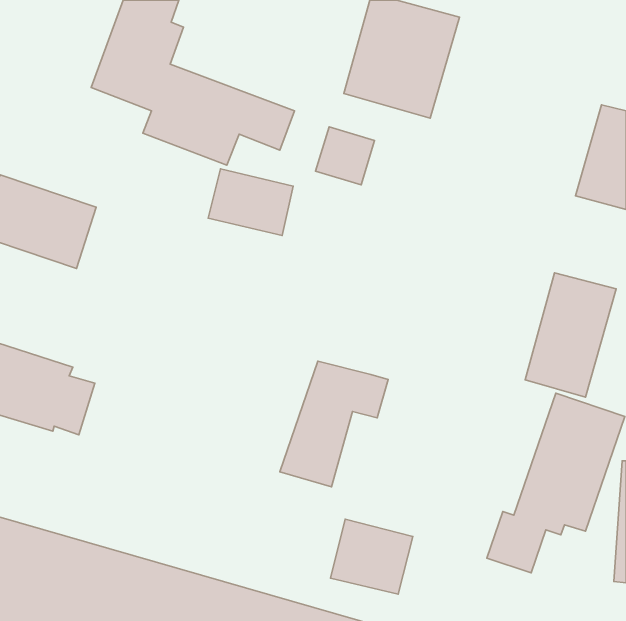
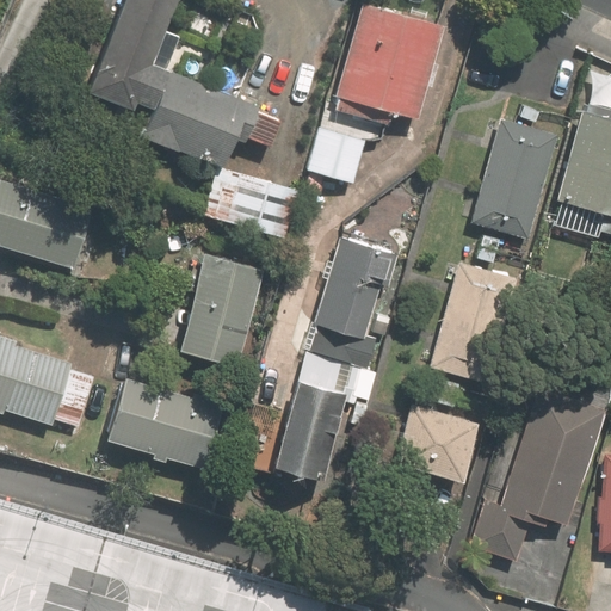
building: none -> [469,121,558,241]
building: none -> [308,239,399,371]
building: none -> [179,257,263,368]
building: [525,273,616,397] -> [428,266,517,387]
building: none -> [103,375,224,470]
building: [330,519,413,594] -> [397,407,477,480]

